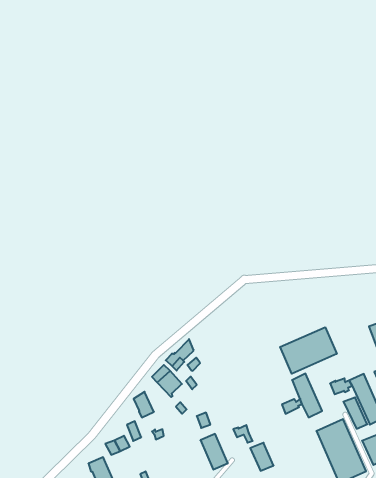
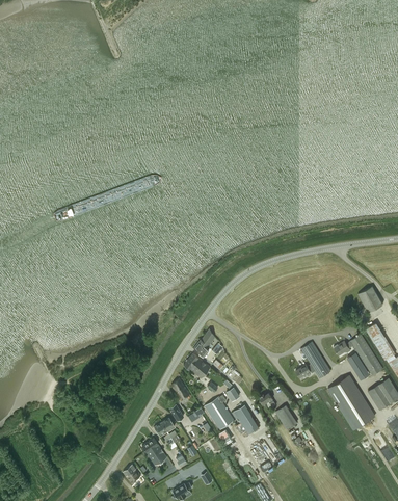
building: [280,327,337,374] -> none
building: none -> [205,395,234,429]

